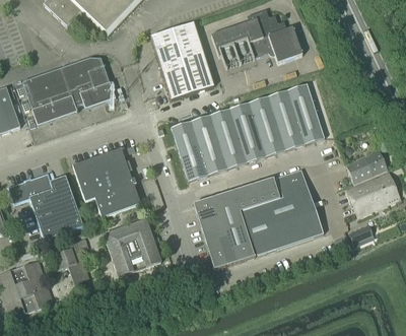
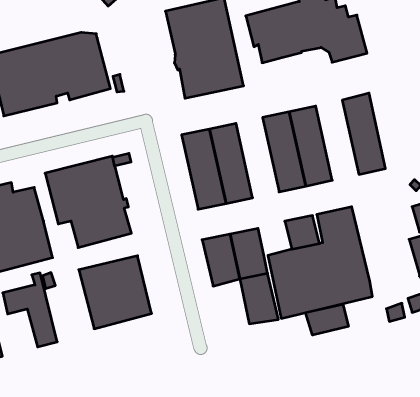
building: [268,89,304,149] -> none
building: [210,108,247,167] -> none
building: [233,183,260,209] -> none
building: [204,228,233,268] -> none
building: none -> [306,304,348,335]

